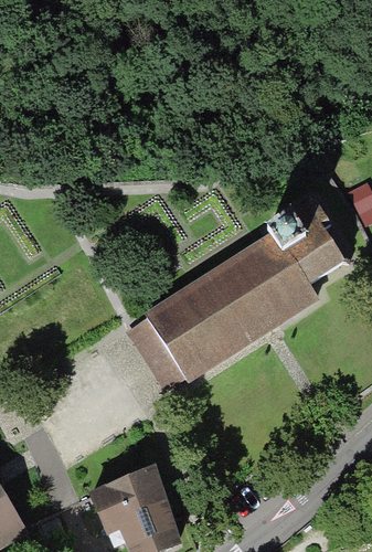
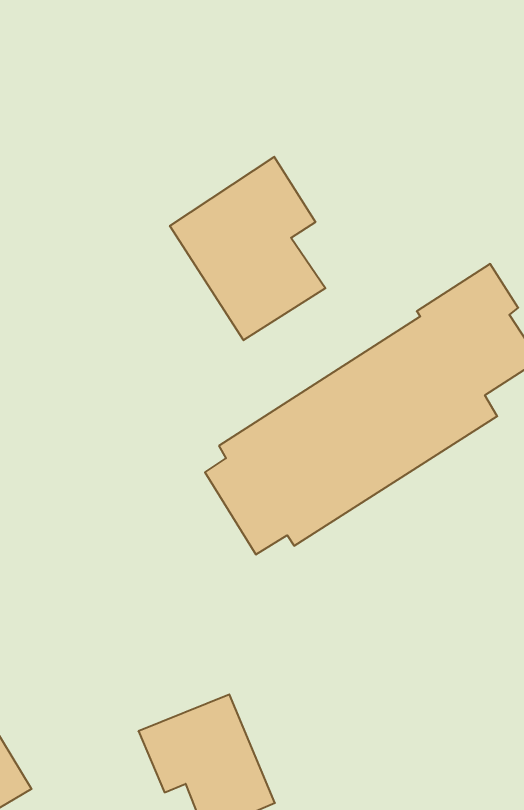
building: none -> [170,157,325,340]

